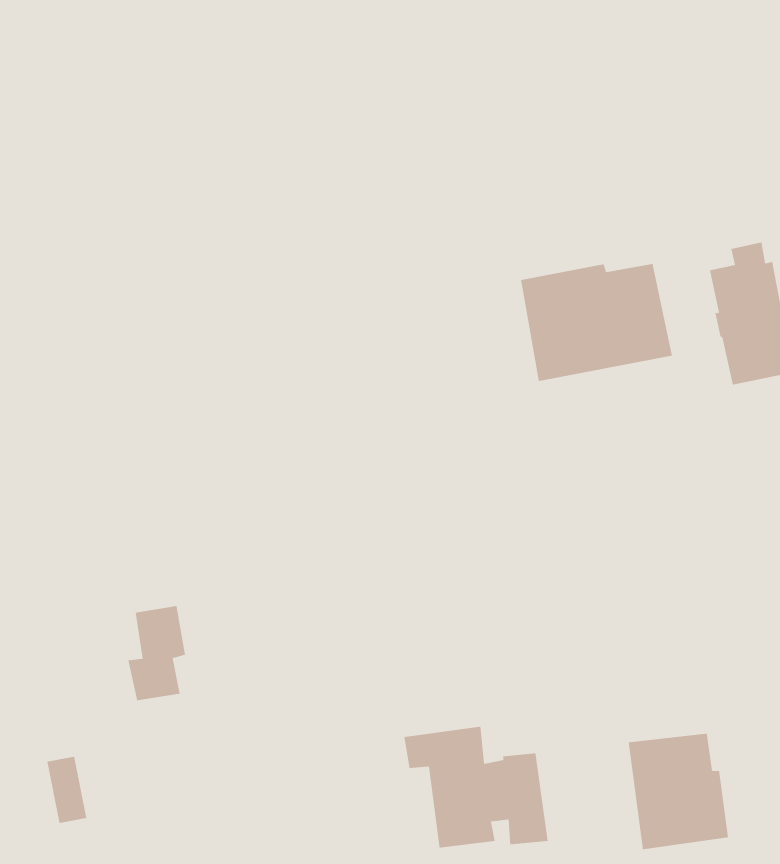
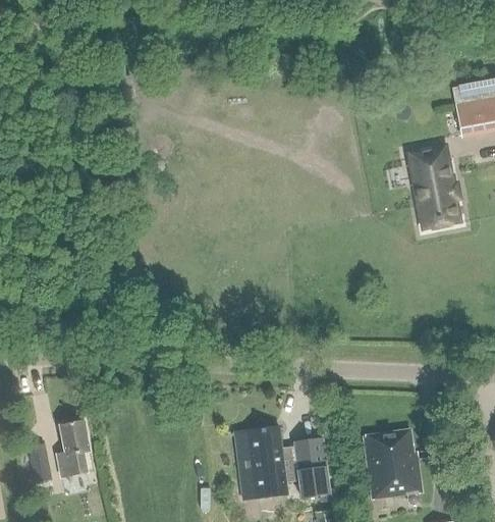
building: [520,263,672,382] -> none
building: [128,605,186,701] -> [56,420,90,475]

